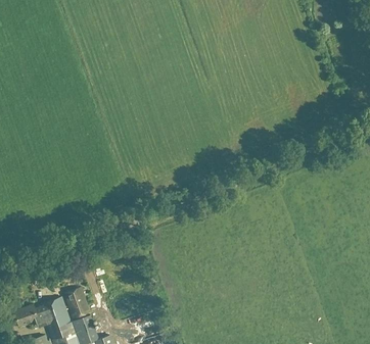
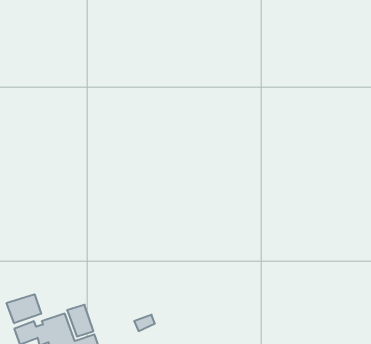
building: none -> [7,294,41,323]

